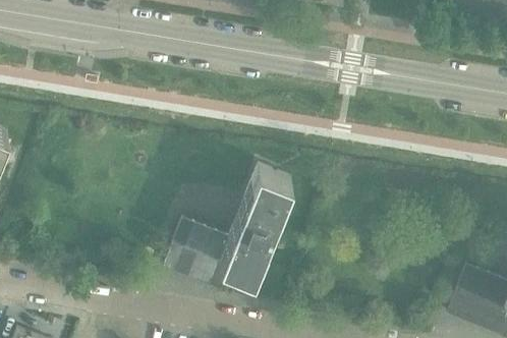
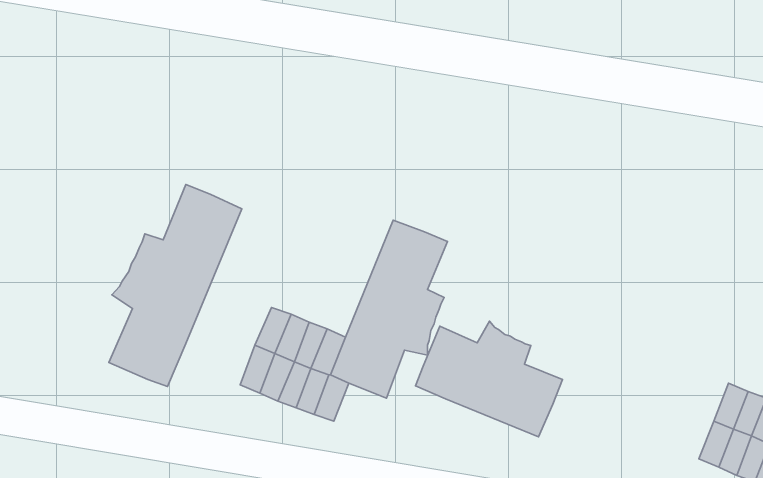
building: none -> [109,185,242,387]
building: none -> [416,321,563,437]

